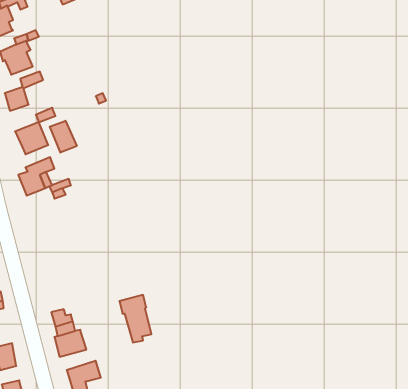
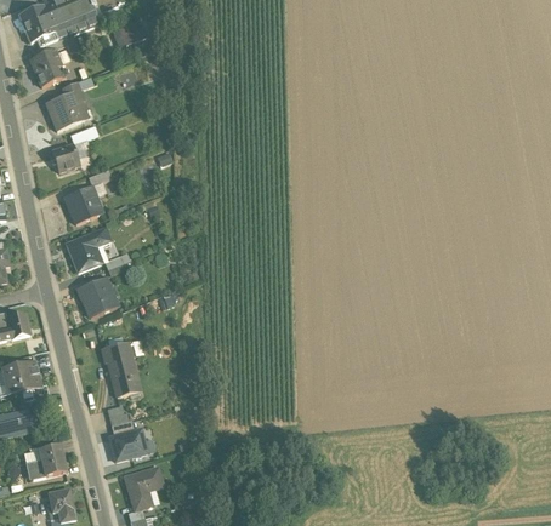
building: [50,121,77,153] -> none
building: none -> [75,276,118,318]
building: [119,295,151,342] -> [101,341,138,396]

